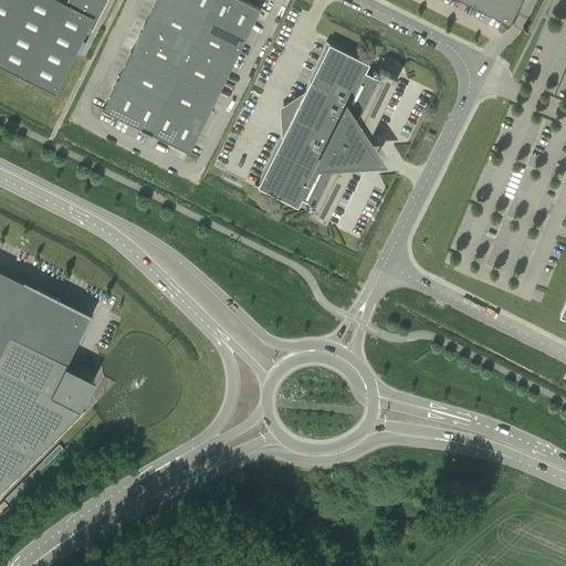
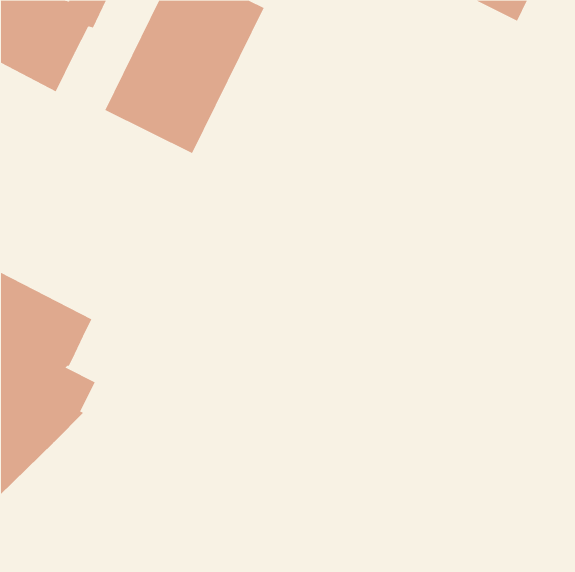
building: [256,44,397,221] -> none

